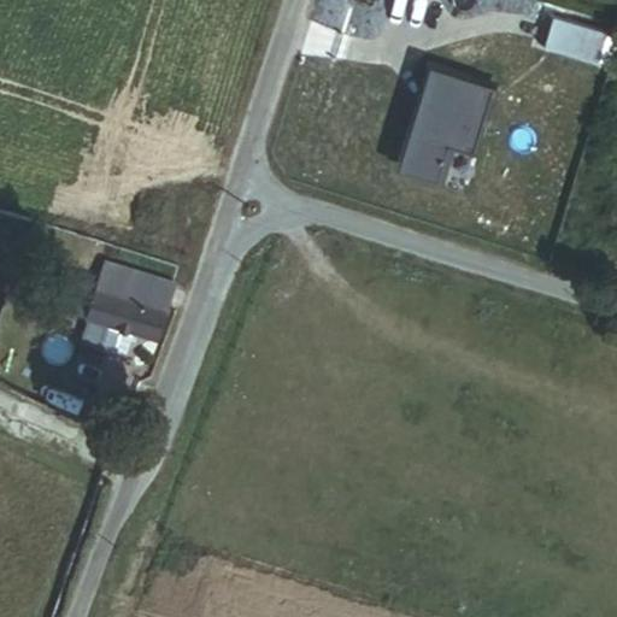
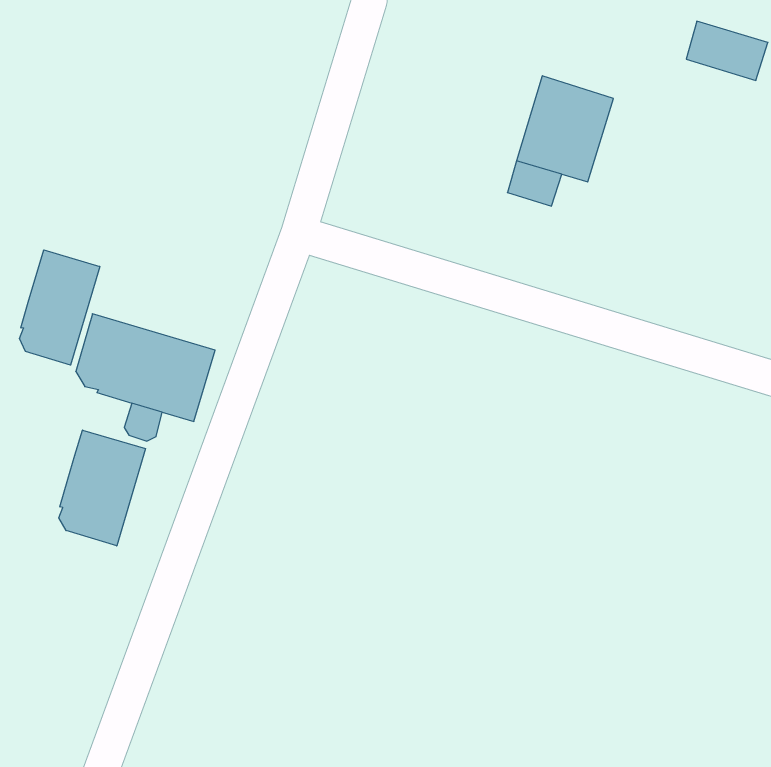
building: none -> [20,250,100,365]
building: none -> [59,430,145,546]

